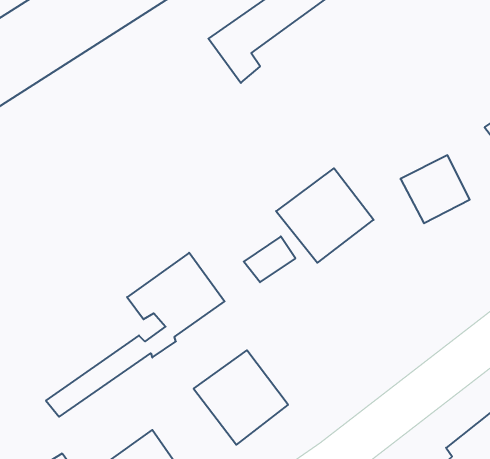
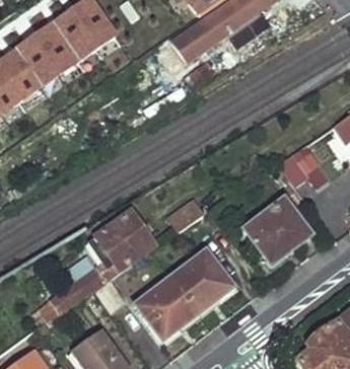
building: [276,168,374,263] -> [244,198,311,263]
building: none -> [170,249,235,314]

